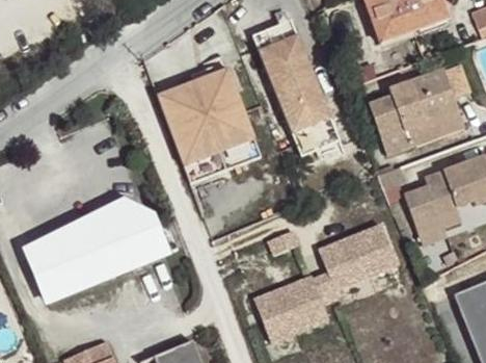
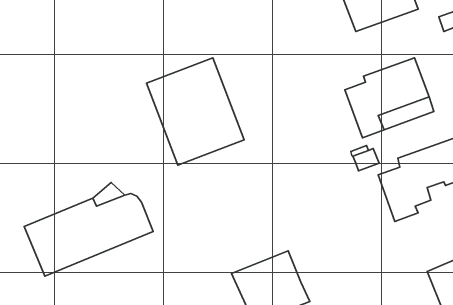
building: [253,19,341,155] -> none
building: [308,230,398,307] -> none

